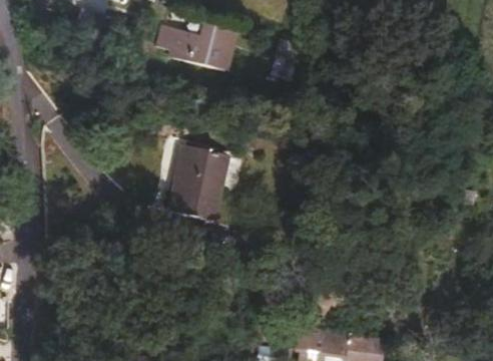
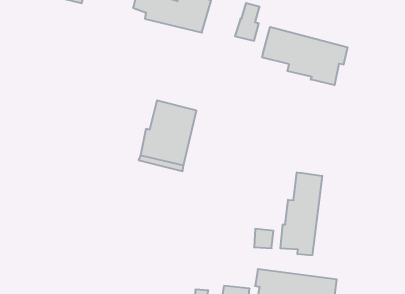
building: none -> [262,27,347,85]
building: none -> [280,172,322,255]

